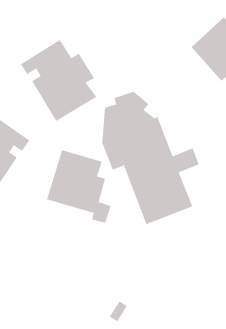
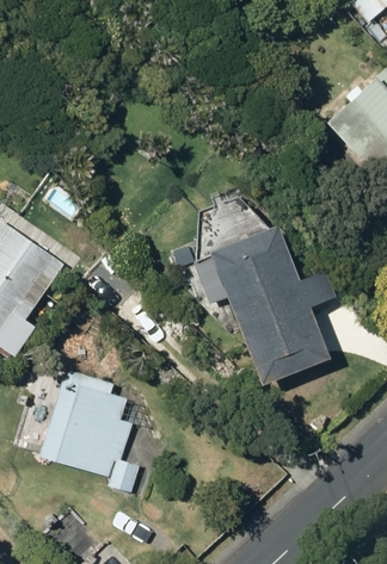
building: [20,39,97,122] -> none
building: [46,150,111,224] -> [56,385,153,495]

